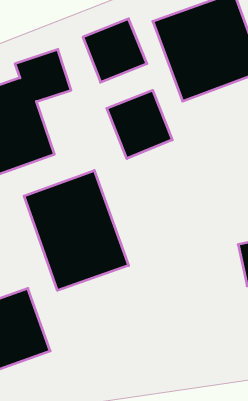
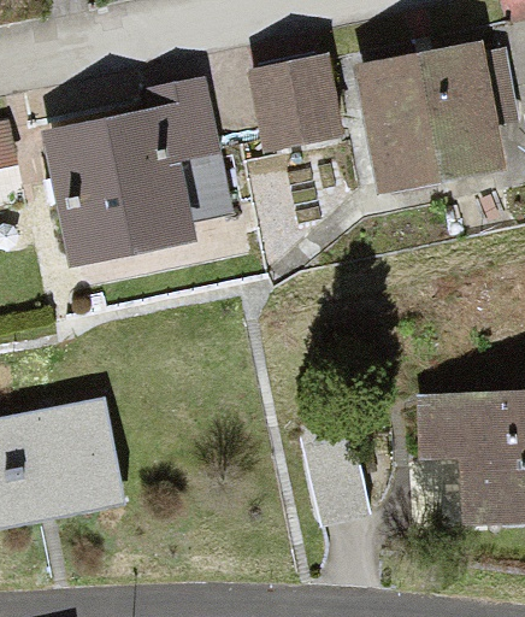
building: [107,90,172,159] -> none
building: [24,170,129,290] -> none

